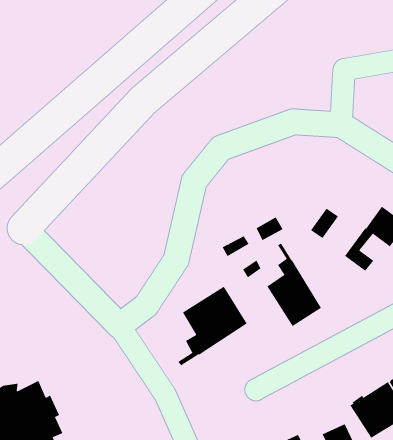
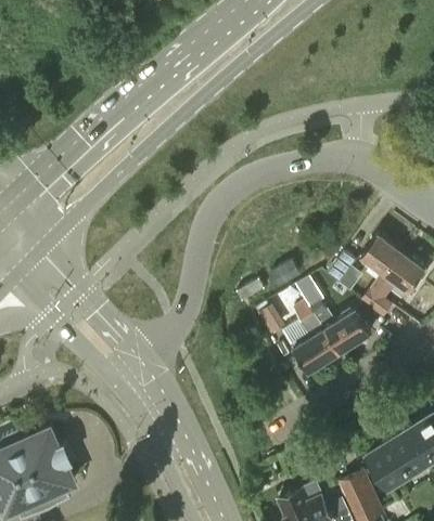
building: none -> [361,236,399,274]
building: none -> [308,300,371,355]
building: [177,286,248,366] -> none

